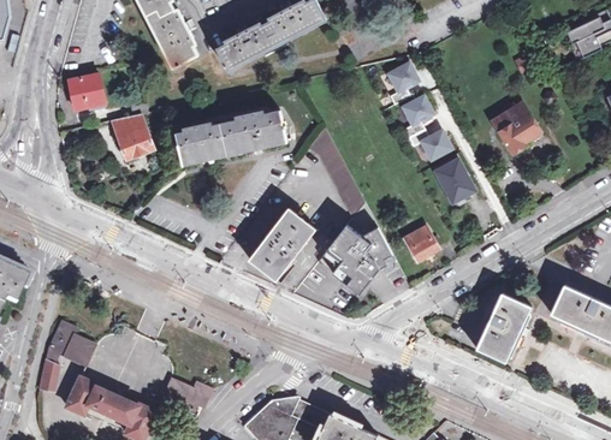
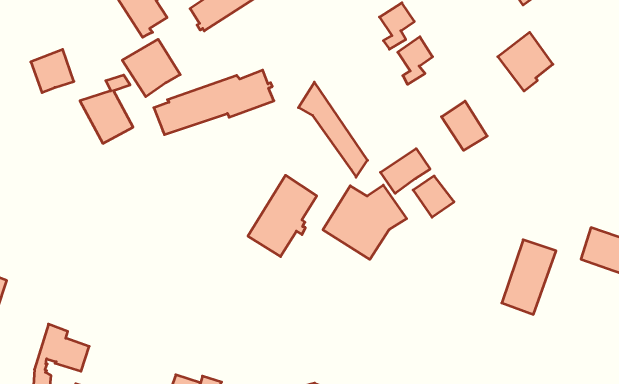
building: none -> [122,39,180,97]
building: [408,129,451,160] -> none
building: none -> [380,149,430,193]

